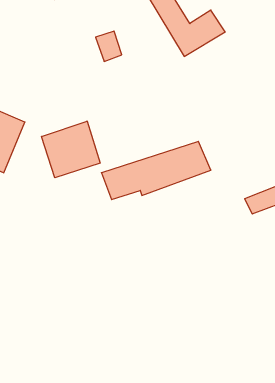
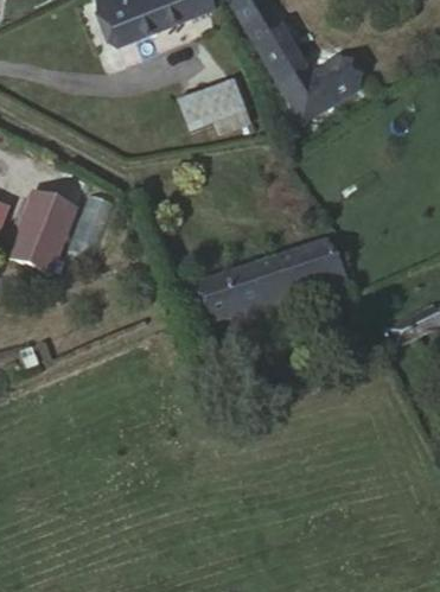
building: none -> [205,77,250,133]
building: [42,121,100,178] -> none

